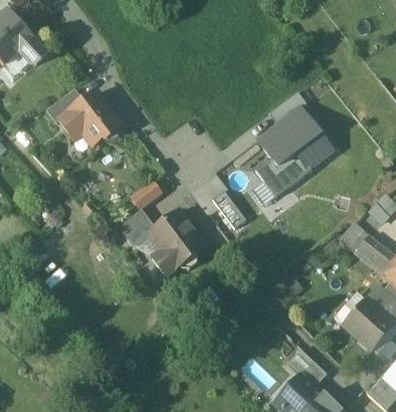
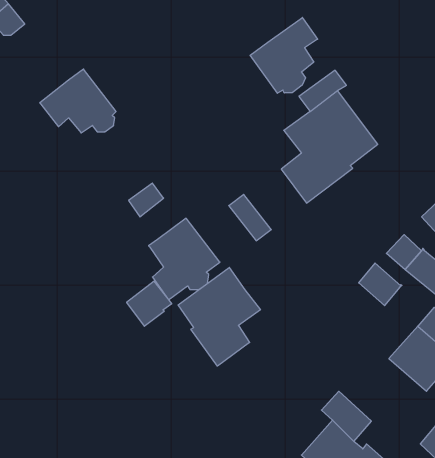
building: none -> [250,17,318,93]
building: [46,87,84,123] -> none
building: [120,209,156,245] -> [127,281,172,326]
building: none -> [359,263,402,306]
building: none -> [178,267,260,366]

